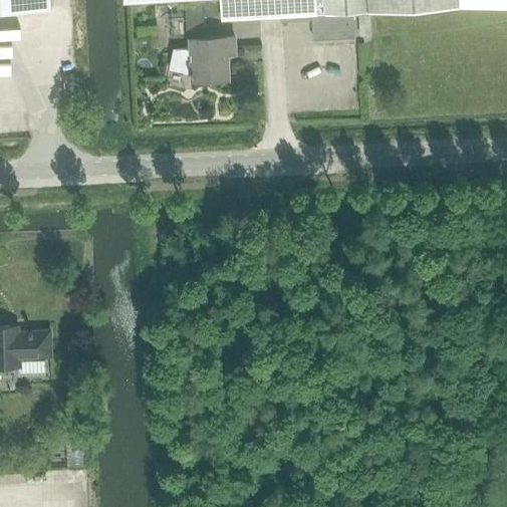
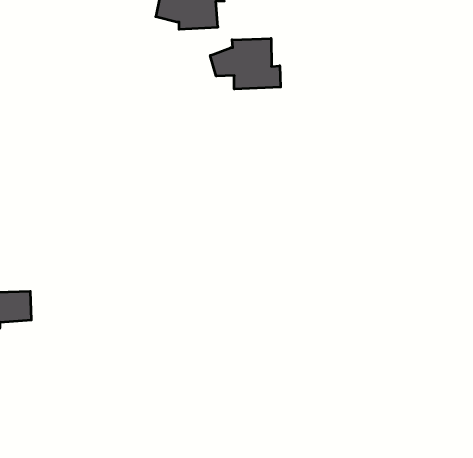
building: none -> [210,38,281,89]

